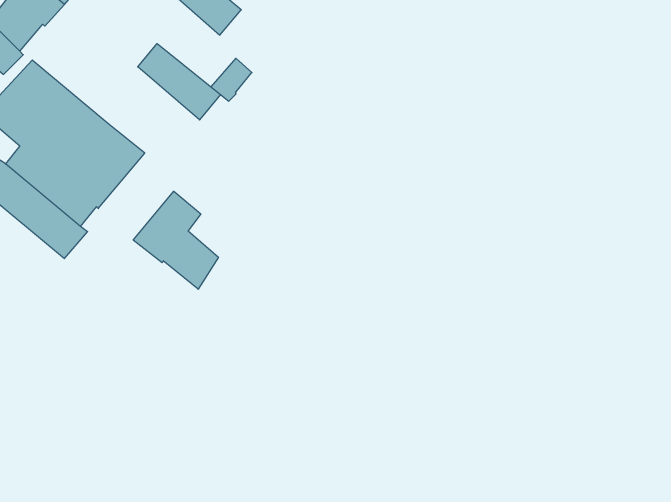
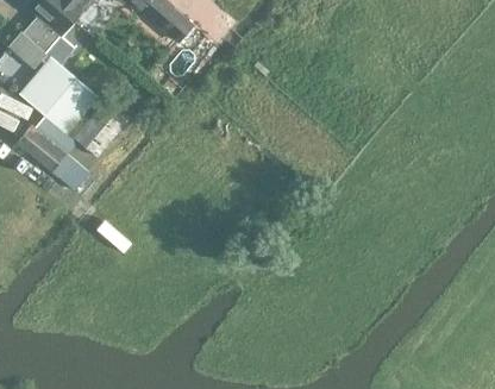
building: [138,44,220,120] -> none
building: [133,191,218,289] -> none

